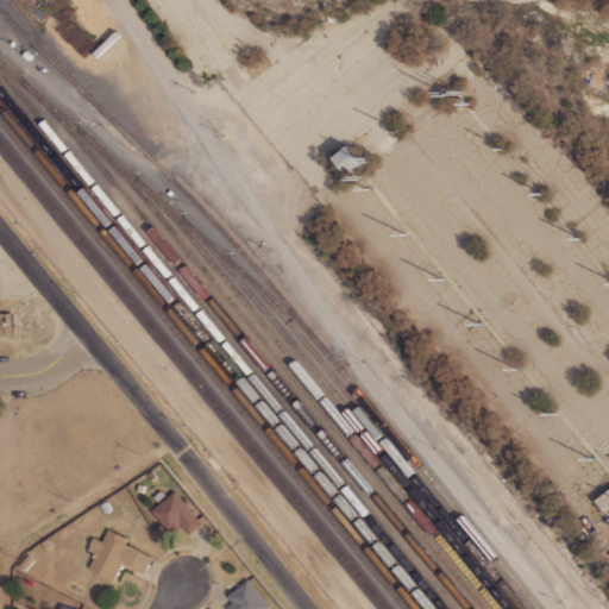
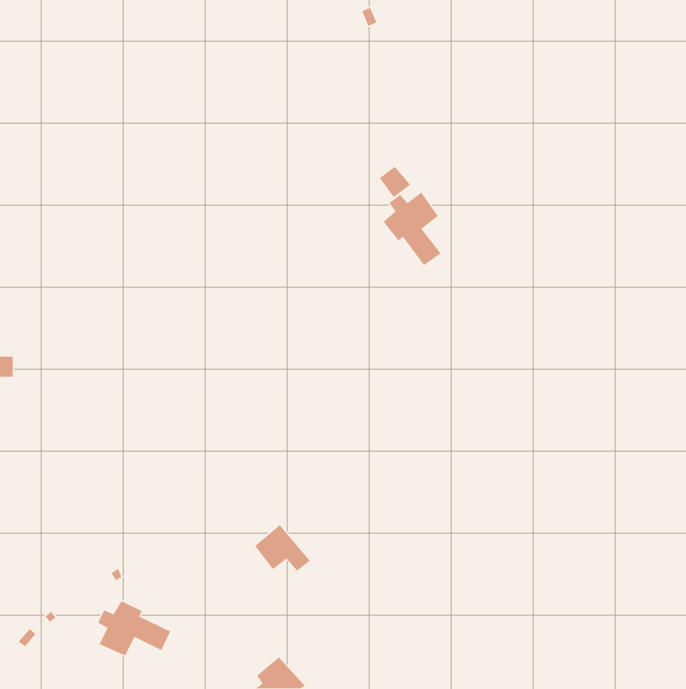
building: none -> [383,191,442,266]
building: [150,492,200,534] -> [254,524,311,571]

